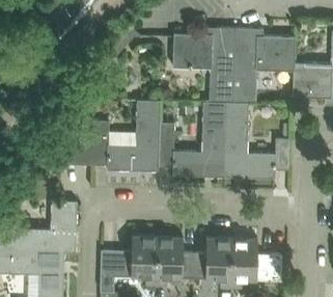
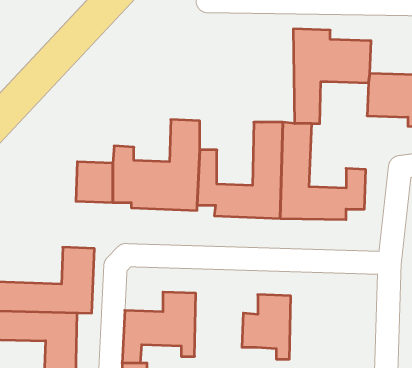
building: [173,28,235,103] -> none
building: [157,237,195,288] -> none
building: [231,239,282,289] -> none

